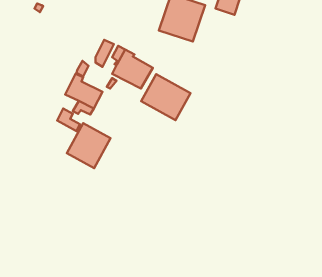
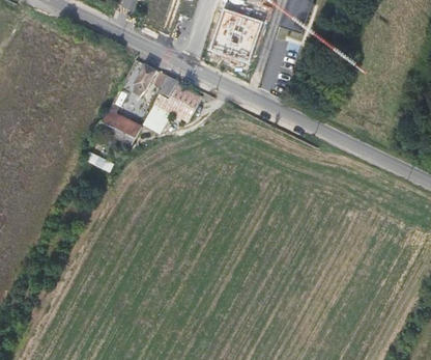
building: [141,74,190,120] -> none
building: [67,123,111,168] -> none

